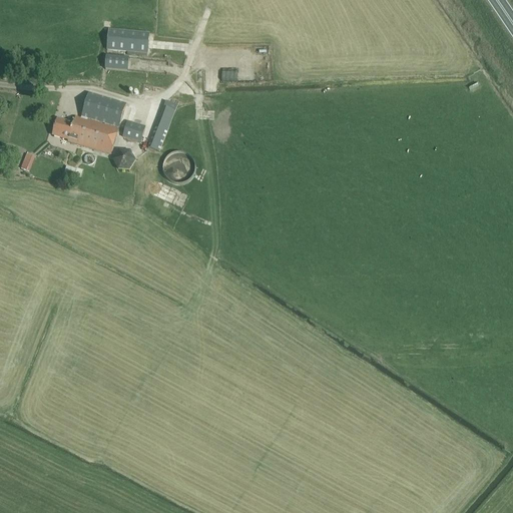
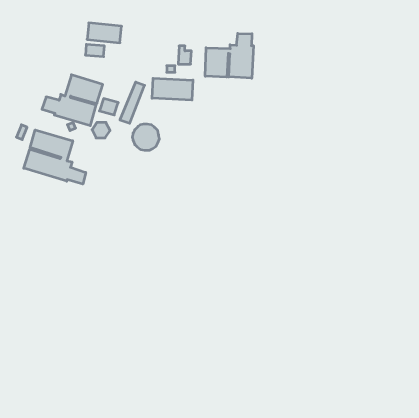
building: none -> [205,33,253,78]
building: none -> [152,78,193,100]
building: none -> [24,130,86,184]

